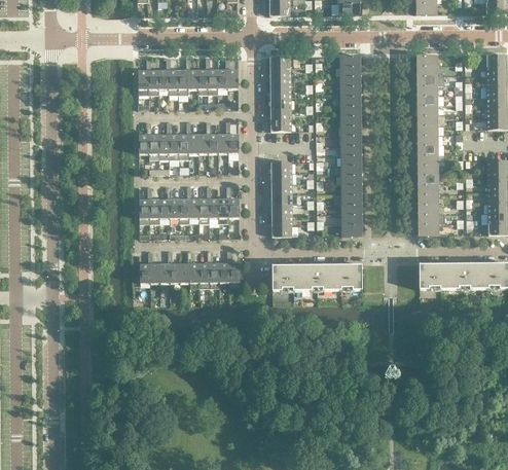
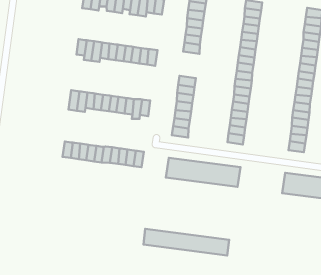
building: none -> [143,229,229,255]

